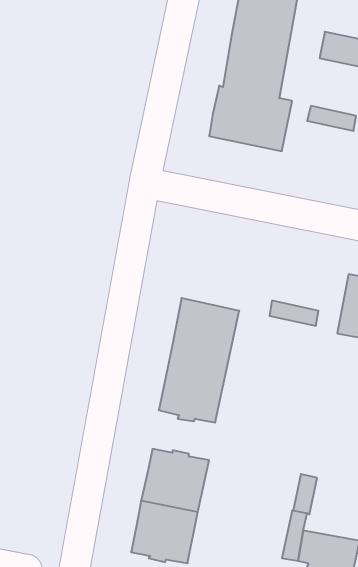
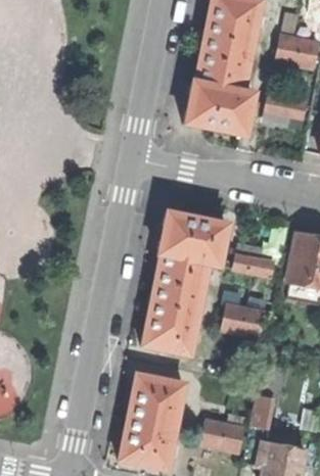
building: none -> [161,212,227,265]
building: none -> [224,306,266,336]
building: none -> [202,420,244,449]

